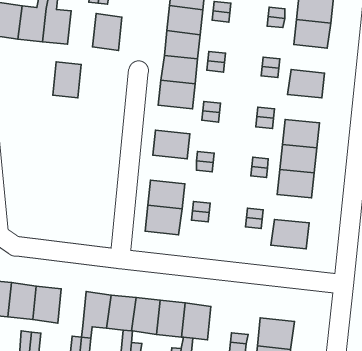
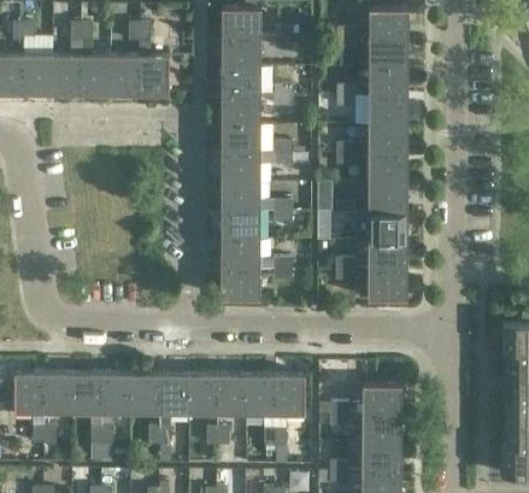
building: none -> [368,68,406,96]
building: [53,62,81,98] -> [108,55,137,94]
building: none -> [366,125,406,154]
building: none -> [219,153,259,182]
building: none -> [219,211,259,240]
building: none -> [366,241,406,270]
building: none -> [130,375,159,415]

